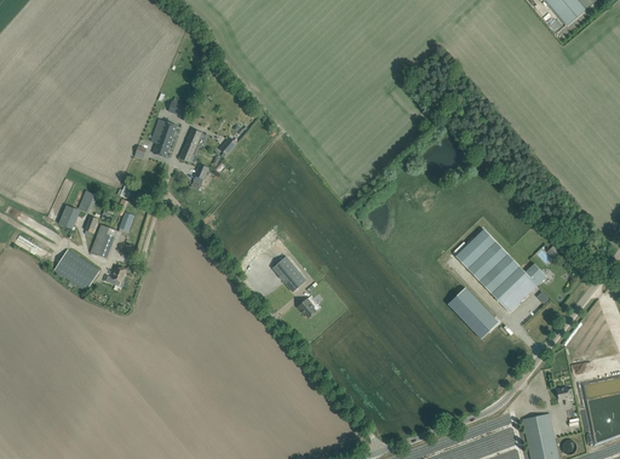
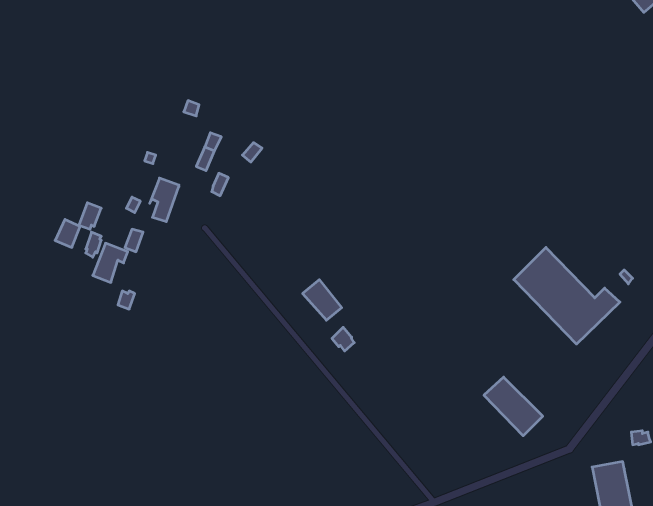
building: [150,119,176,156] -> [150,178,179,222]
building: [53,249,99,291] -> none
building: [447,287,498,338] -> [484,377,543,436]

